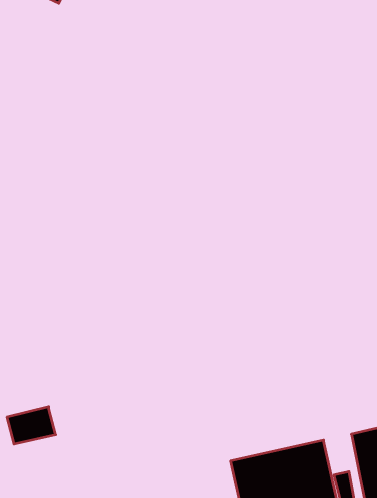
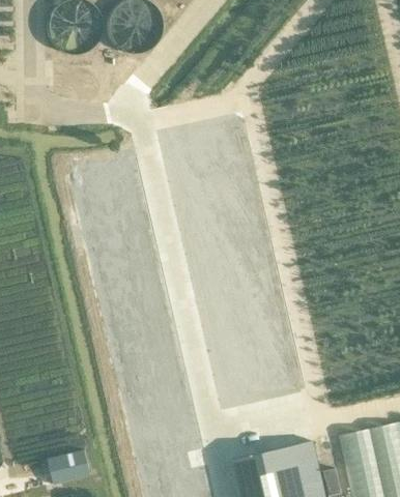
building: [7,407,56,444] -> [47,451,90,485]

